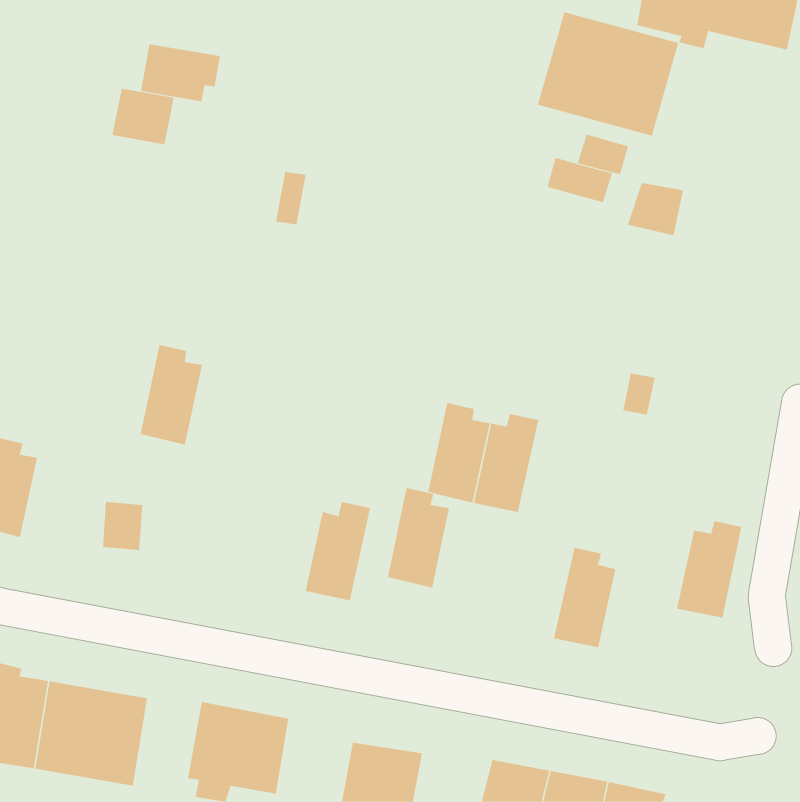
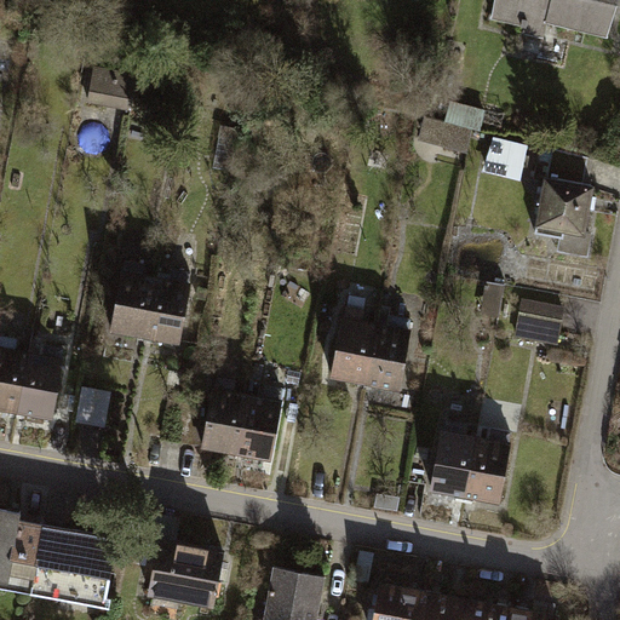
building: [537,11,679,136] -> none
building: [140,43,220,102] -> none
building: none -> [535,153,595,262]
building: none -> [143,274,194,350]
building: none -> [515,303,564,348]
building: none -> [16,345,67,421]
building: [387,488,450,588] -> [200,378,248,455]
building: [676,521,742,618] -> [461,431,512,506]

